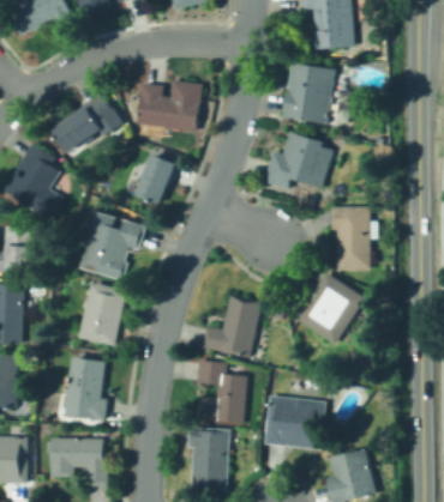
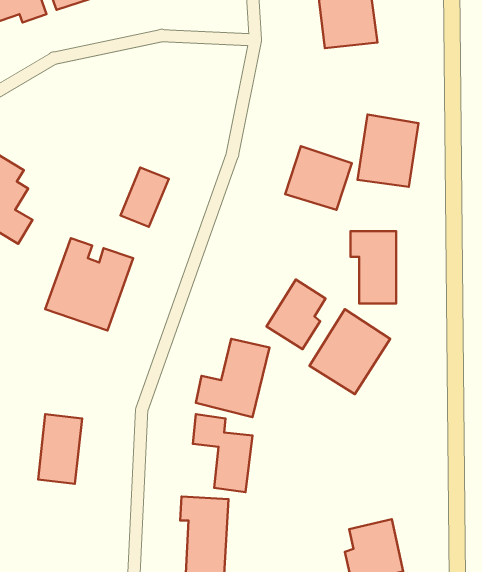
building: [283,63,335,125] -> [358,115,419,187]
building: [136,79,203,128] -> none
building: [53,90,121,150] -> none
building: none -> [266,279,325,349]
building: [79,284,130,347] -> none
building: [265,398,325,450] -> none
building: [53,435,106,484] -> none

